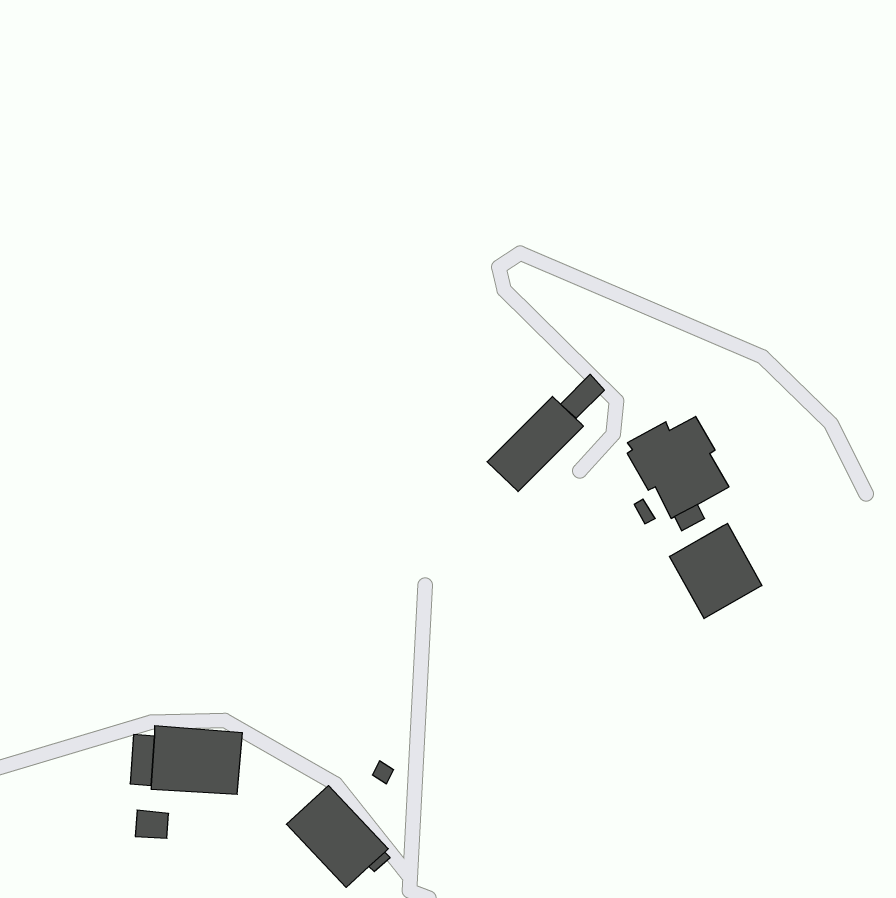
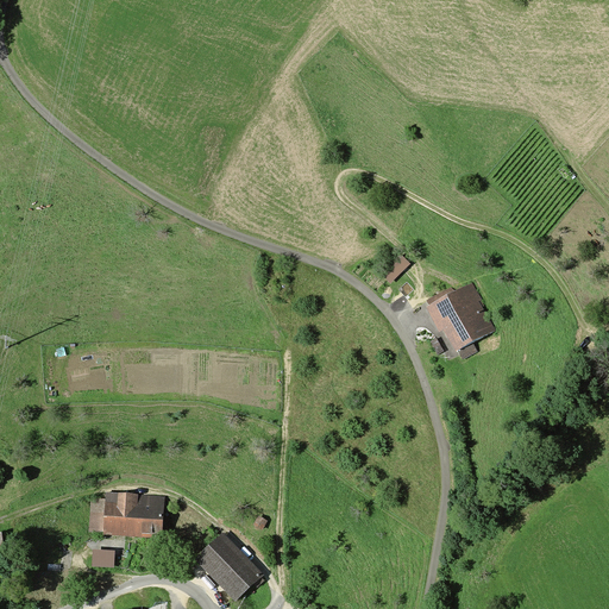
building: [487,396,583,492] -> none
building: [669,523,762,619] -> none

